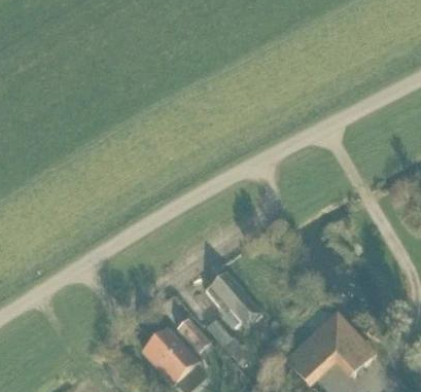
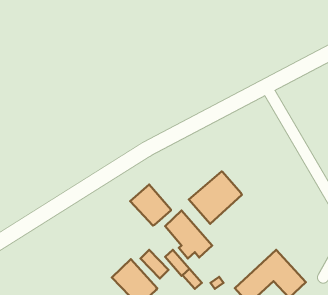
building: none -> [189,172,242,224]
building: none -> [130,184,171,226]

